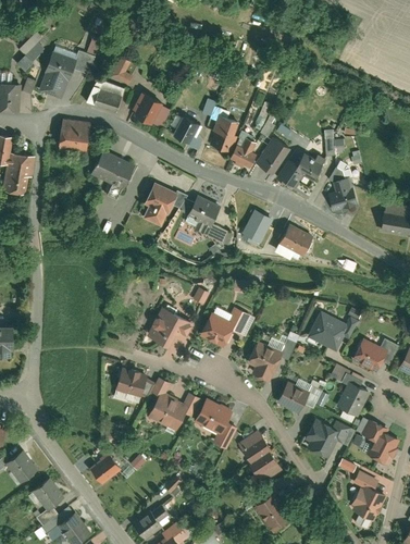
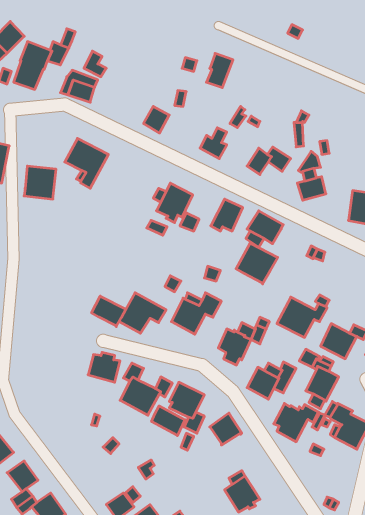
building: [133,92,160,122] -> none
building: [211,116,238,151] -> [206,53,233,88]
building: [59,119,91,152] -> [24,166,56,199]
building: [257,137,289,174] -> none
building: [144,181,178,225] -> none
building: none -> [236,243,278,284]
building: none -> [92,296,126,327]
building: none -> [152,406,185,436]
building: [249,449,284,483] -> none
building: [91,453,122,484] -> none
building: [348,468,387,518] -> none

